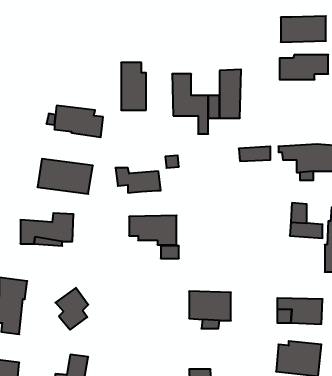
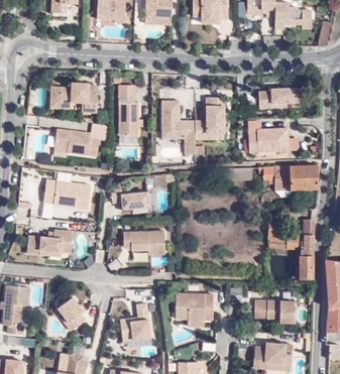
building: [281,16,326,42] -> [250,130,291,153]
building: none -> [49,84,99,117]
building: none -> [122,300,152,340]

